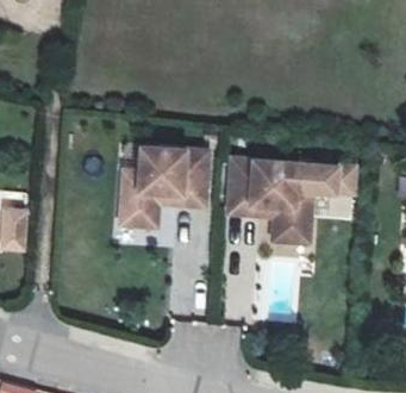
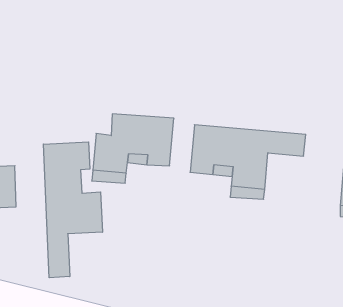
building: none -> [43,142,102,278]

